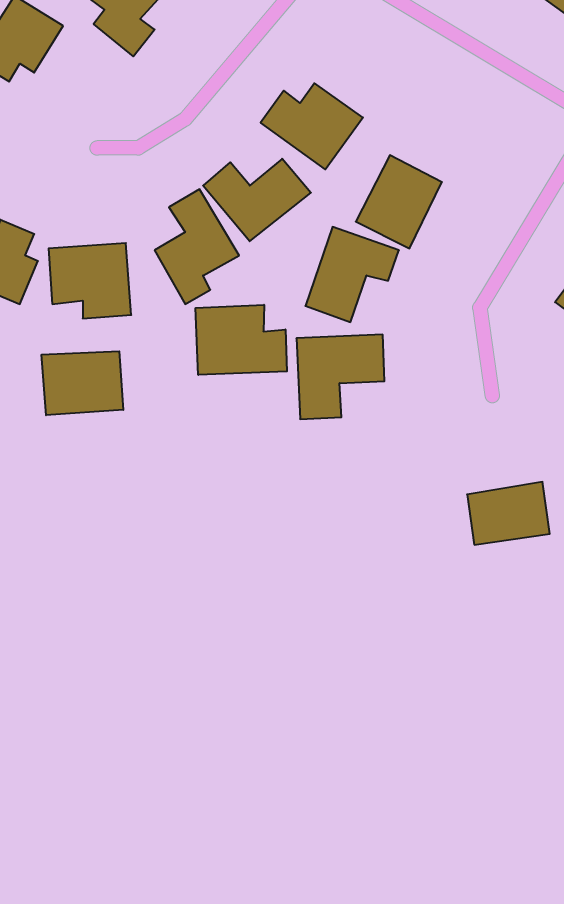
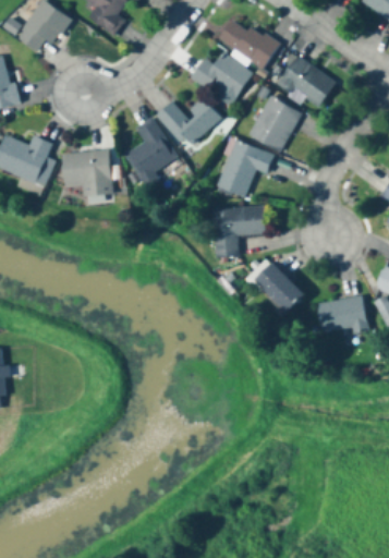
building: none -> [218,15,279,68]
building: none -> [278,54,336,109]
building: [196,305,287,375] -> none
building: [42,351,123,415] -> none
building: none -> [248,258,303,313]

